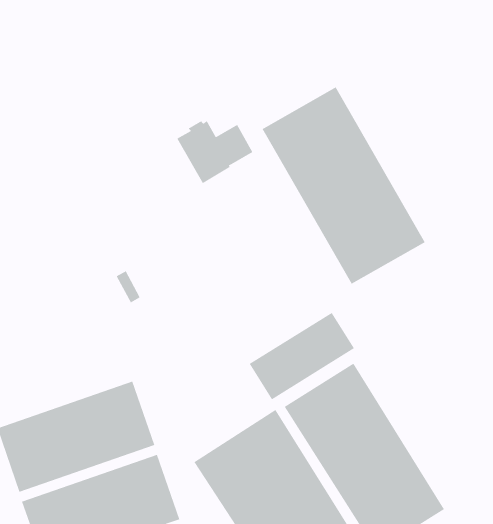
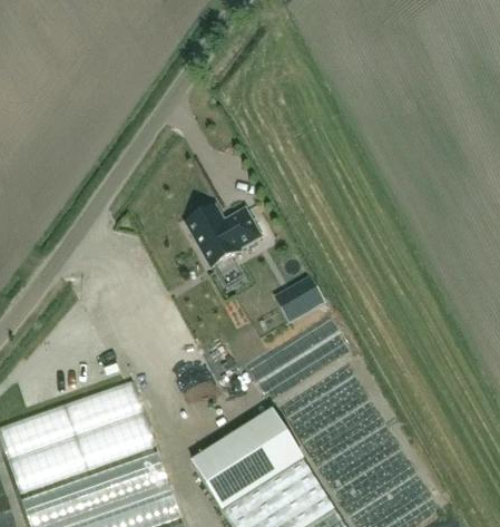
building: [262,87,425,285] -> none
building: [177,121,253,184] -> [186,206,262,269]
building: none -> [278,285,320,322]

